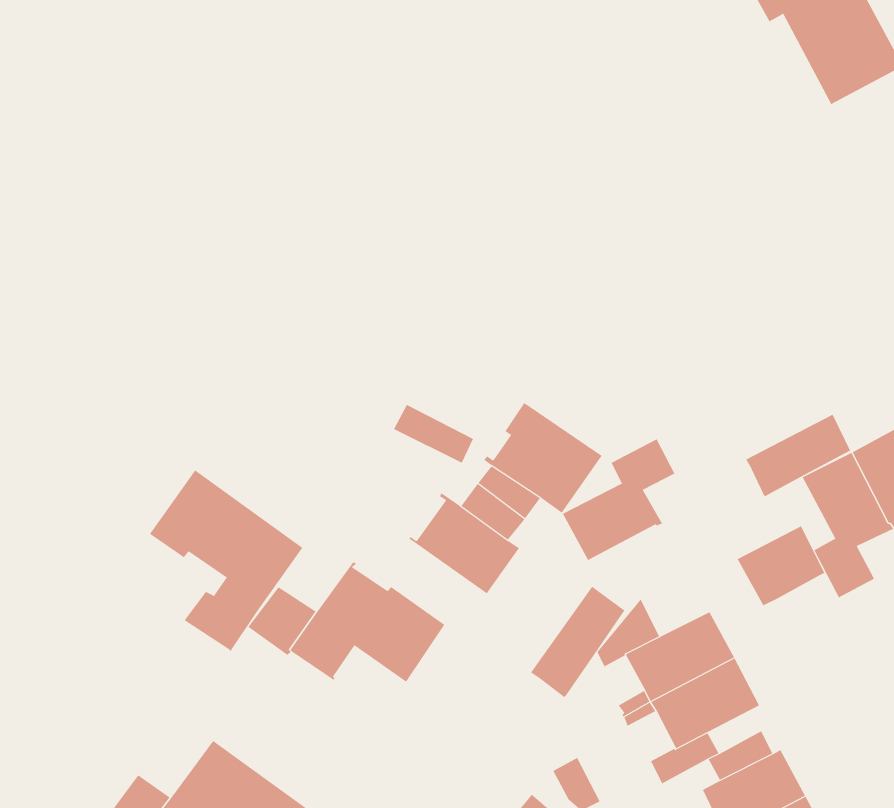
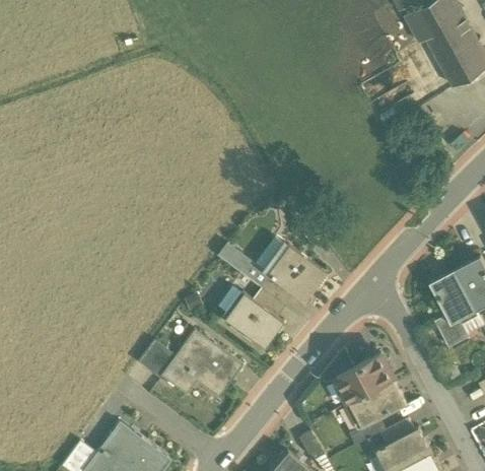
building: [746,414,851,497] -> none
building: [562,438,675,561] -> none
building: [149,470,303,652] -> none
building: [737,526,825,606] -> none
building: [530,586,625,698] -> none

